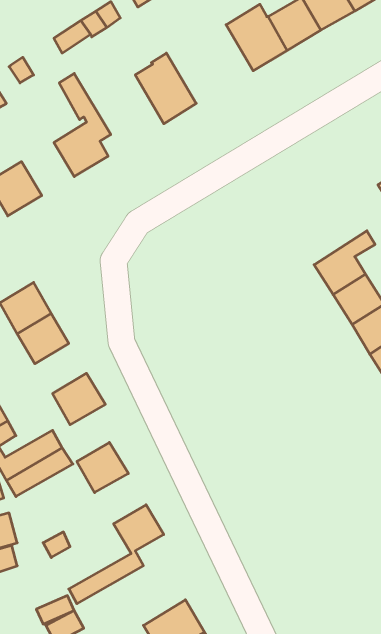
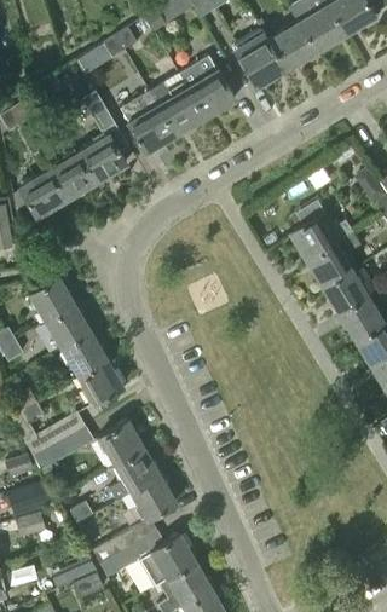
building: none -> [178,56,235,117]
building: none -> [119,92,175,154]
building: none -> [48,152,96,200]
building: none -> [293,200,357,261]
building: none -> [60,331,106,376]
building: none -> [109,448,160,501]
building: none -> [98,530,195,585]

